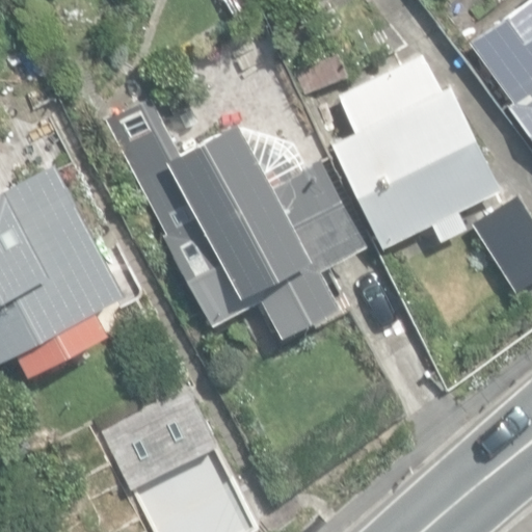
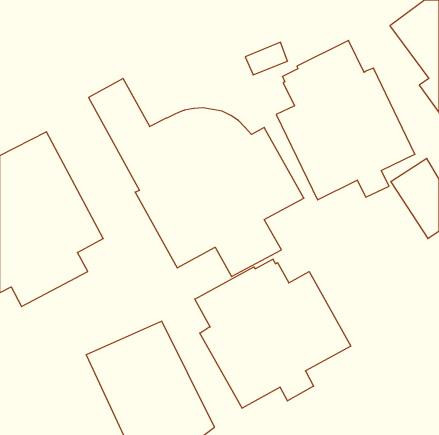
building: none -> [195,259,351,408]

